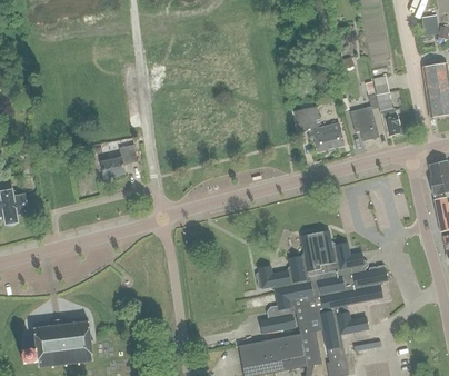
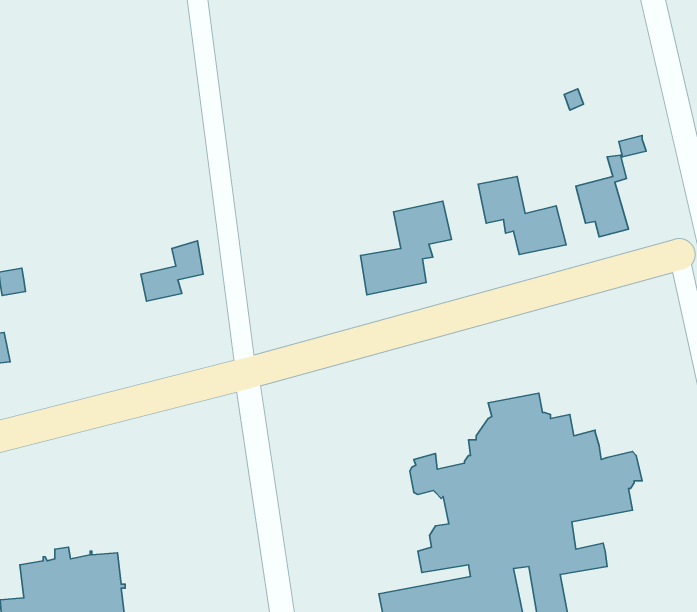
building: [379,99,405,136] -> none
building: none -> [361,201,451,295]

